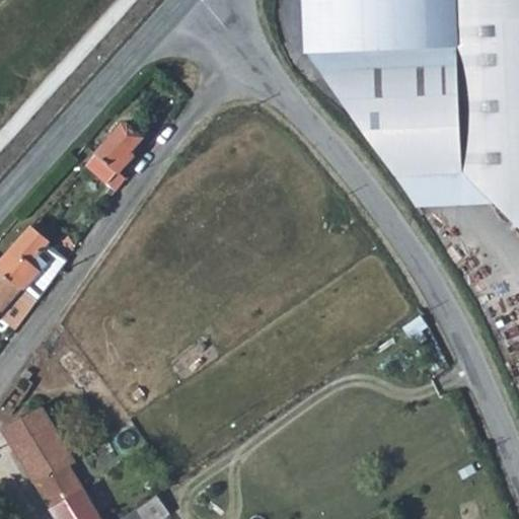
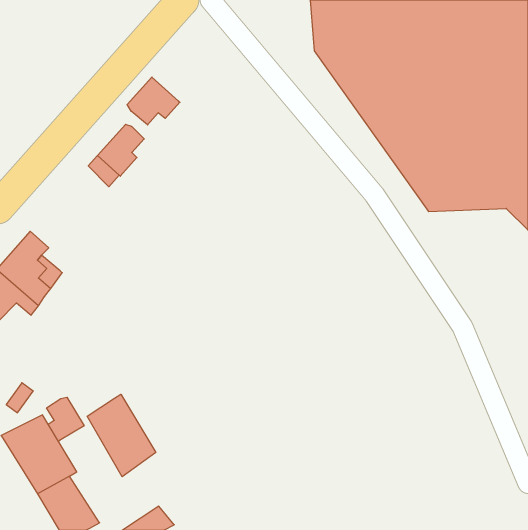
building: none -> [127,77,180,125]
building: none -> [87,394,156,477]
building: none -> [47,397,84,441]

